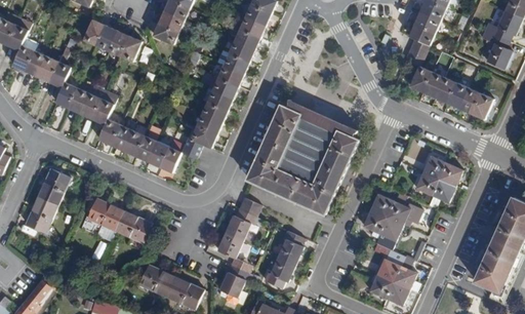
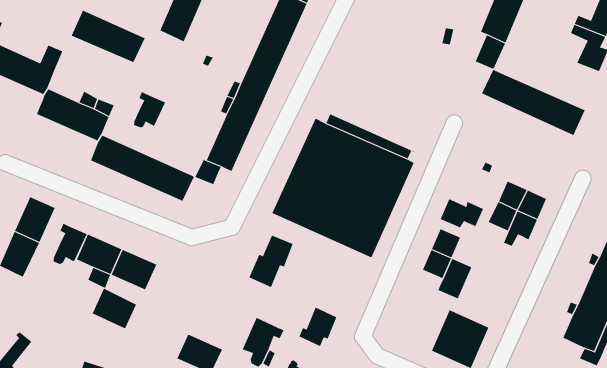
building: none -> [134,91,166,128]
building: none -> [53,223,87,265]
building: [387,200,421,224] -> [440,199,484,228]
building: [278,230,305,264] -> none
building: [217,232,251,272] -> none
building: [140,264,176,297] -> [92,288,137,329]

